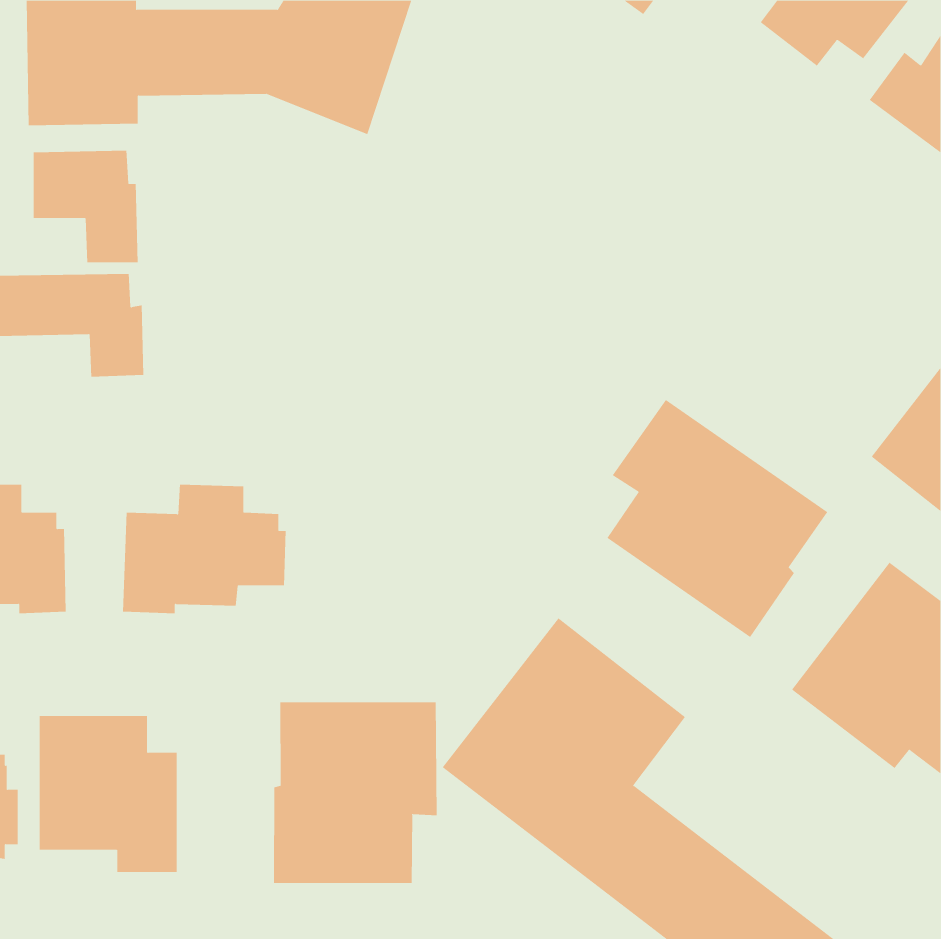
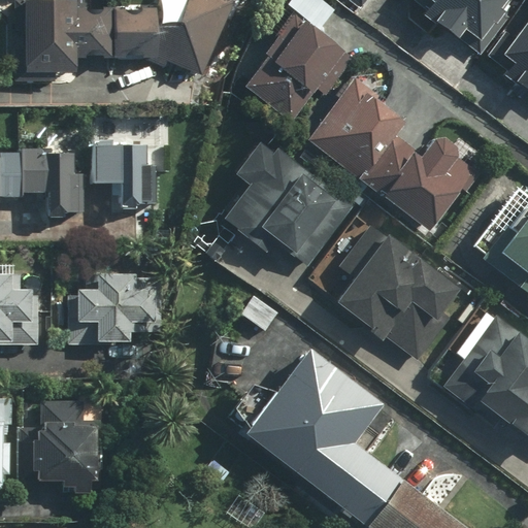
building: none -> [248,13,352,123]
building: none -> [306,80,477,232]
building: [33,150,138,263] -> [94,144,153,207]
building: none -> [222,142,353,275]
building: [274,702,437,884] -> none

